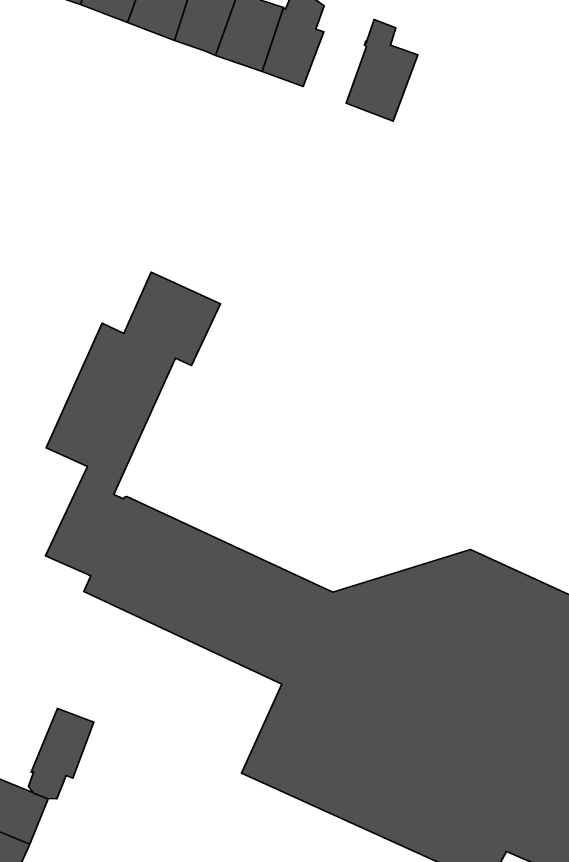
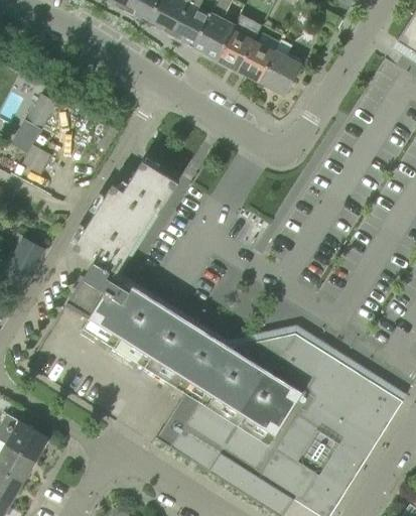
building: none -> [239,41,276,82]
building: [28,708,94,799] -> none

